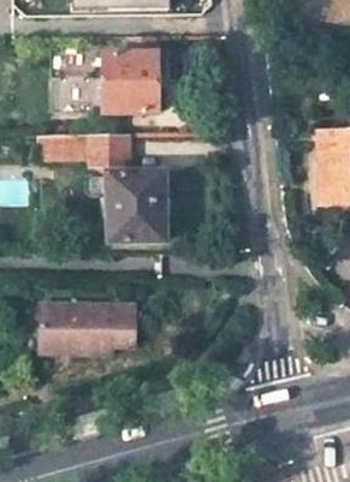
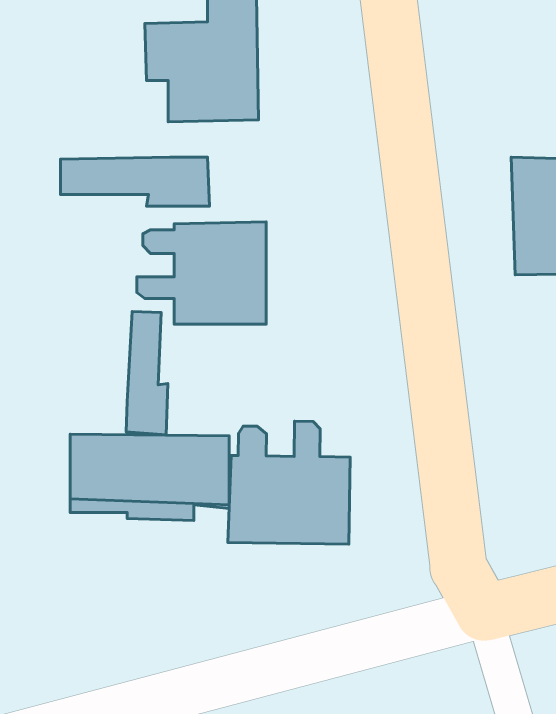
building: none -> [126,312,168,435]
building: none -> [228,421,350,544]

